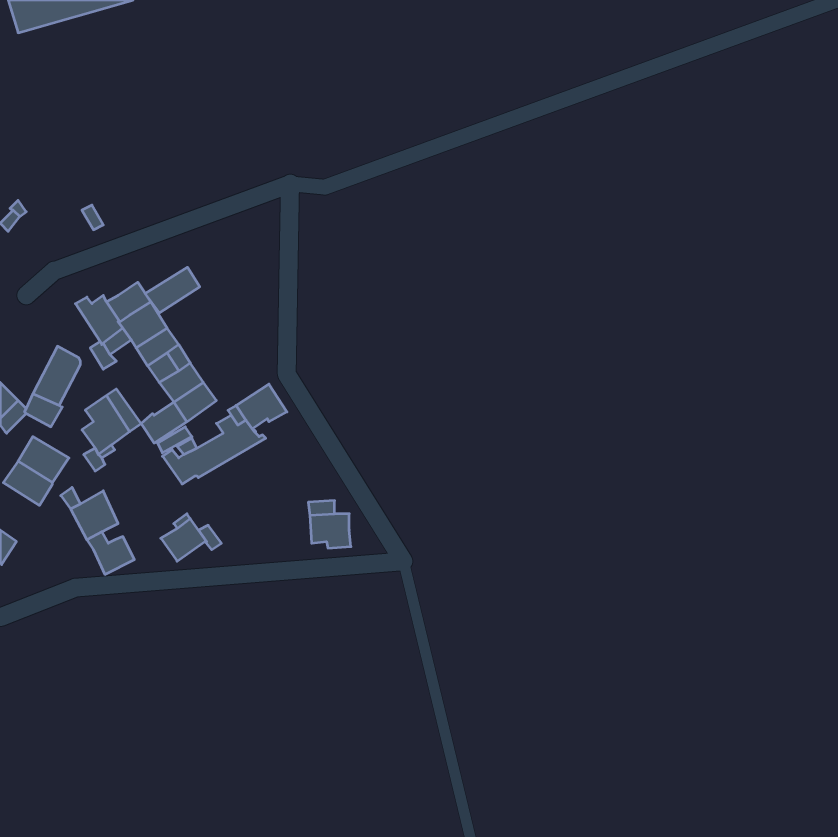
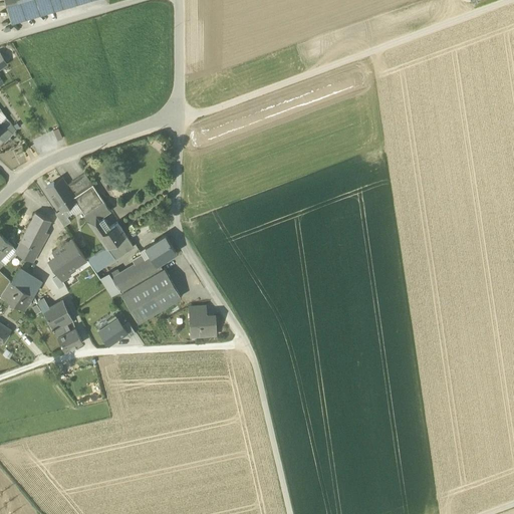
building: [145,267,200,313] -> none
building: none -> [120,268,181,323]

